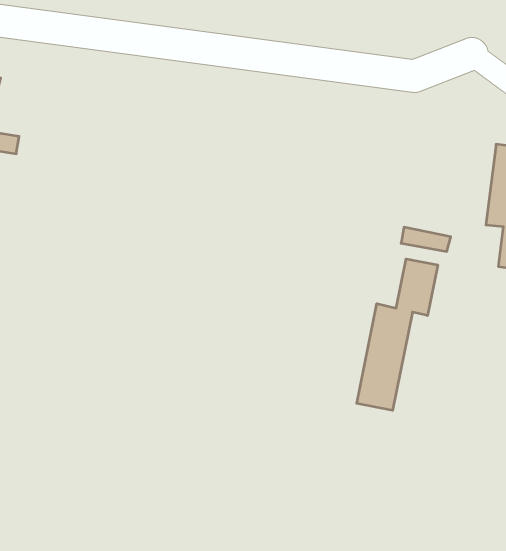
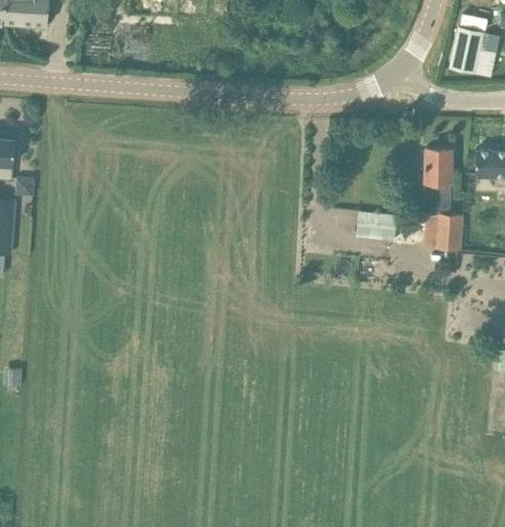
building: [357,259,438,410] -> none

